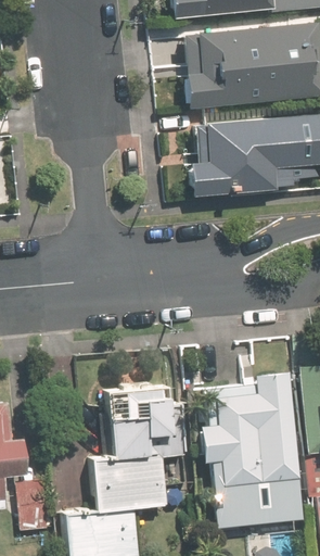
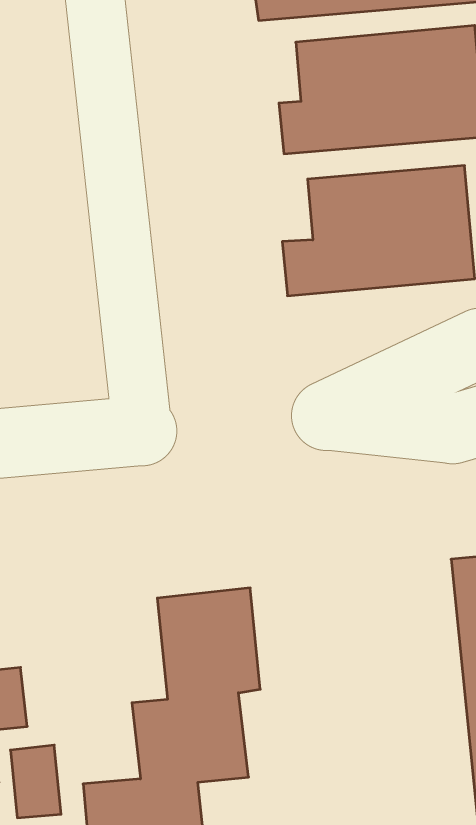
building: [206,371,305,528] -> none

